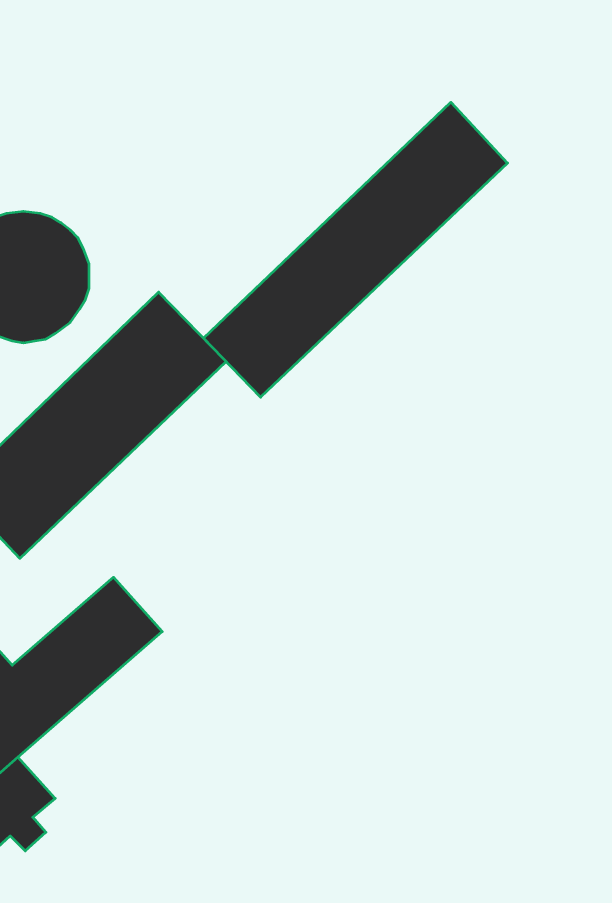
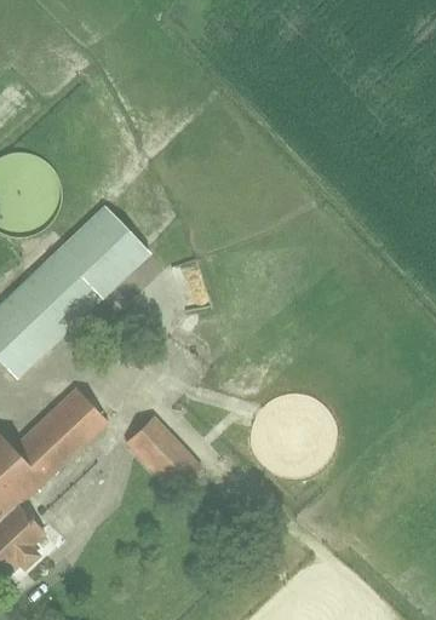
building: [204,102,508,397] -> none
building: none -> [126,419,200,496]

